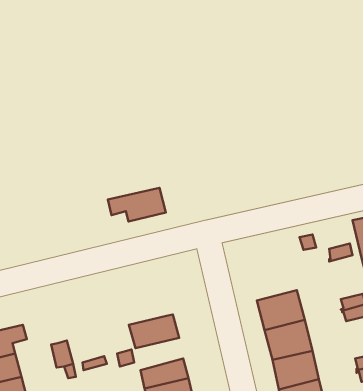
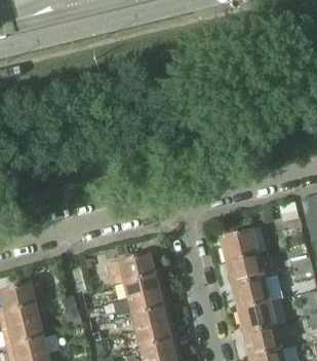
building: [108,188,166,221] -> [108,255,154,282]
building: none -> [220,229,257,262]
building: none -> [129,292,167,318]

